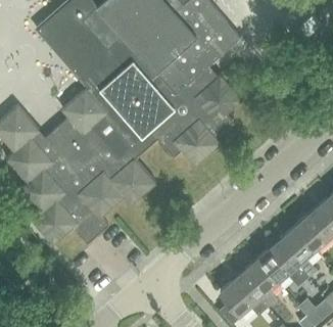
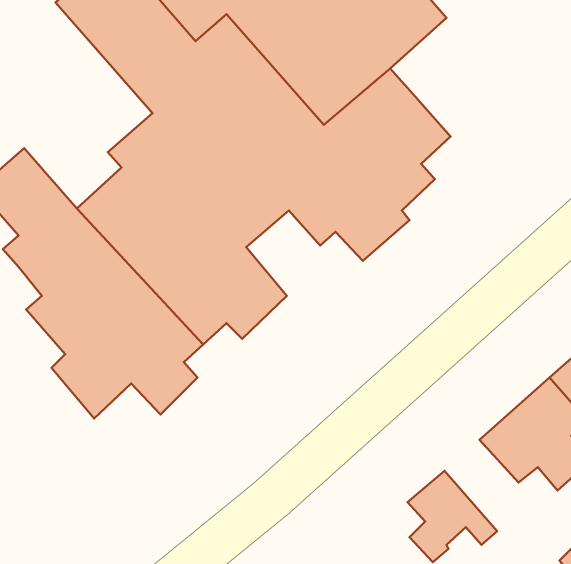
building: [239,259,278,307] -> none

